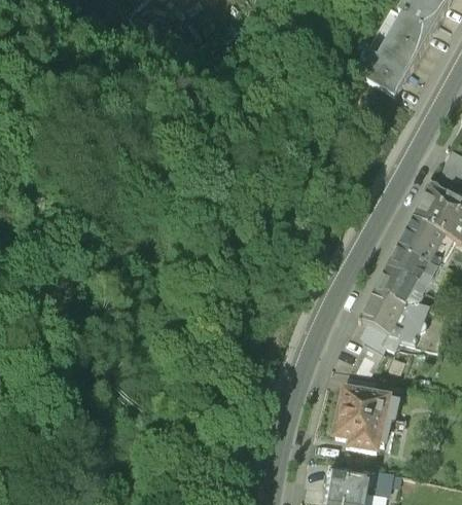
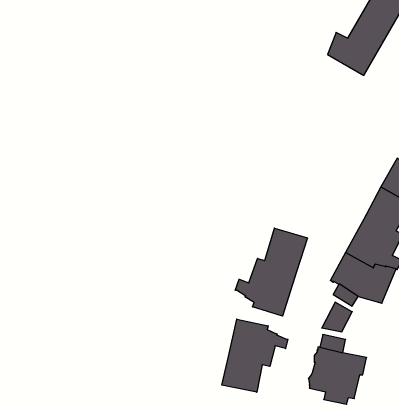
building: none -> [235,228,308,316]
building: none -> [222,319,288,392]

